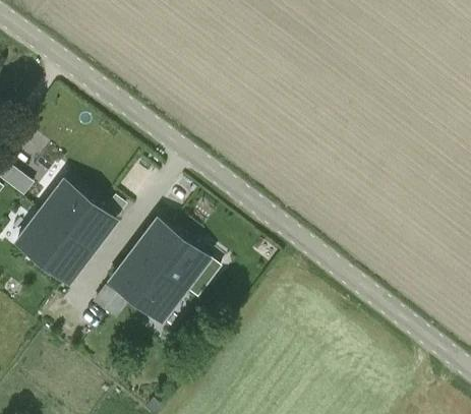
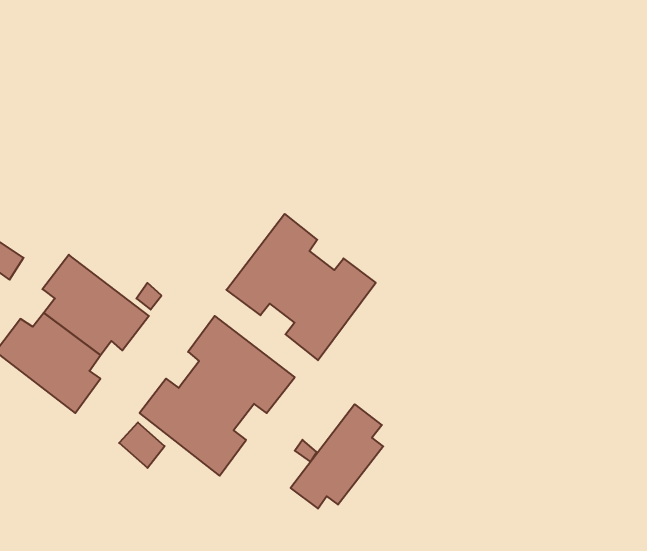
building: none -> [226,214,376,360]
building: none -> [291,404,383,509]

